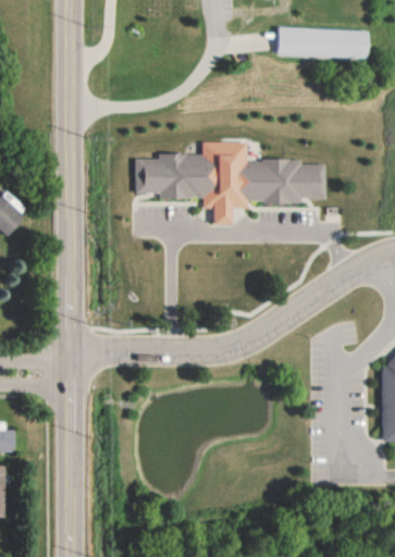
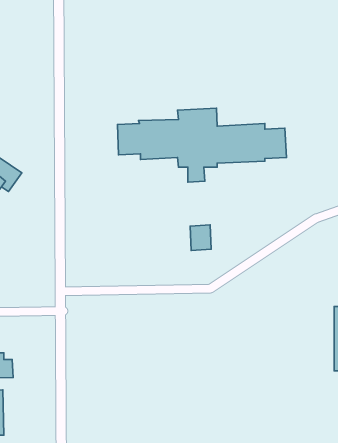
building: [277,28,372,59] -> none
building: none -> [190,225,211,251]

